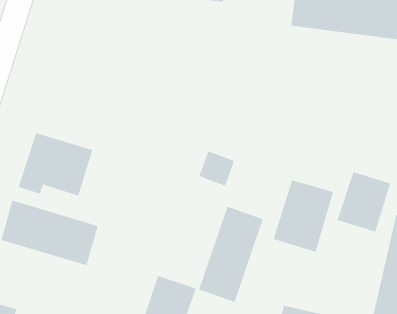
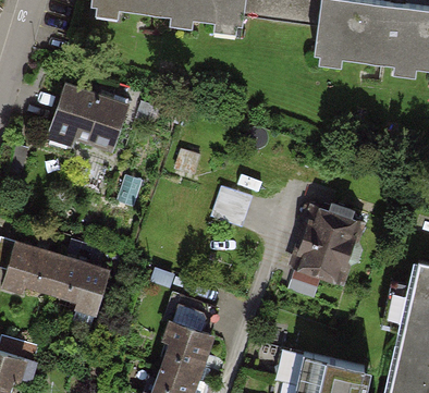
building: [18,132,93,196] -> [46,97,125,164]
building: [337,171,391,232] -> none
building: [198,206,264,303] -> none

